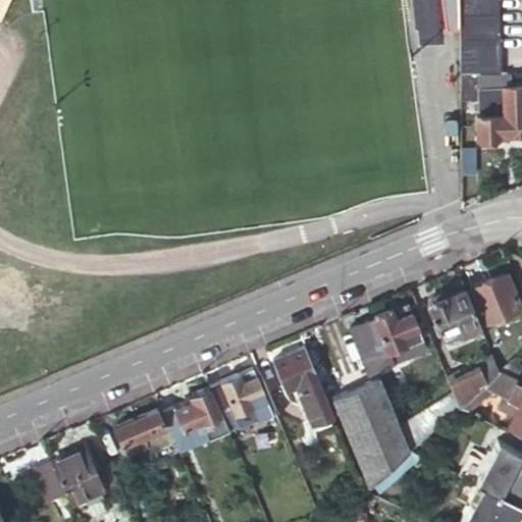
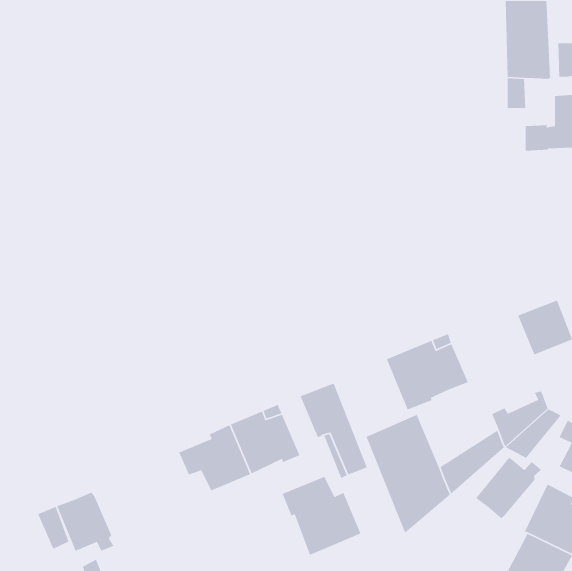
building: [429,292,484,343] -> none
building: [115,409,172,454] -> none
building: none -> [475,456,542,519]
building: none -> [282,476,362,556]

